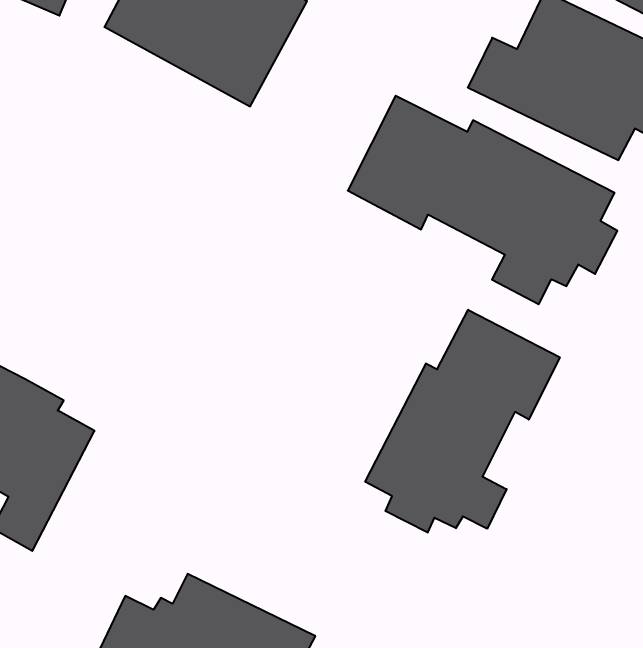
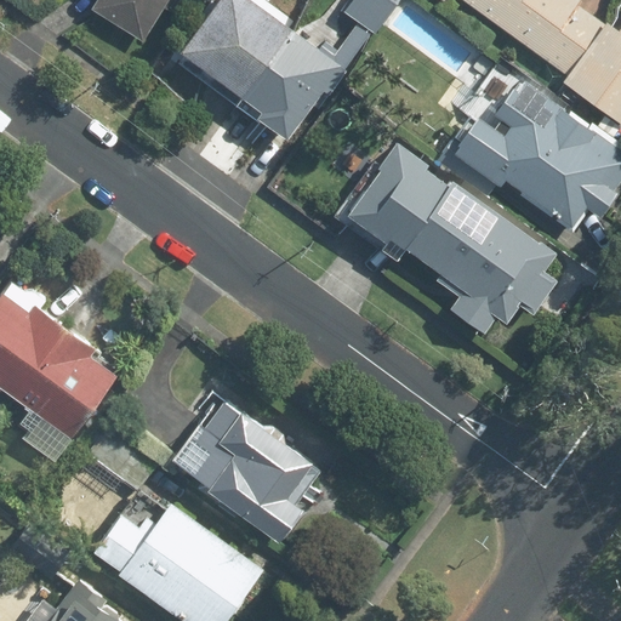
building: [365,310,560,533] -> none
building: none -> [171,399,321,540]

